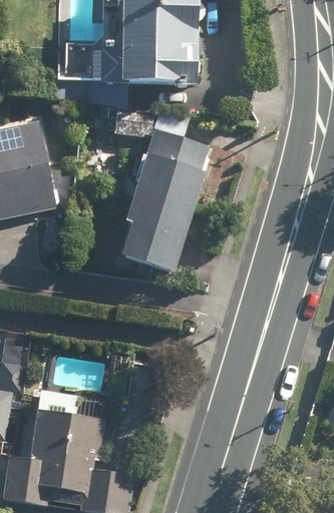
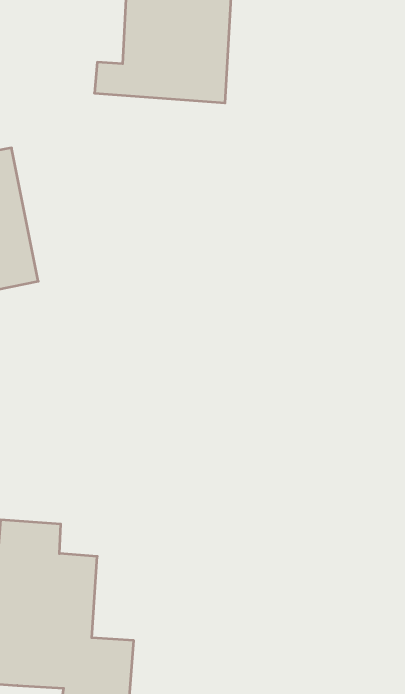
building: [115,125,218,271] -> none

